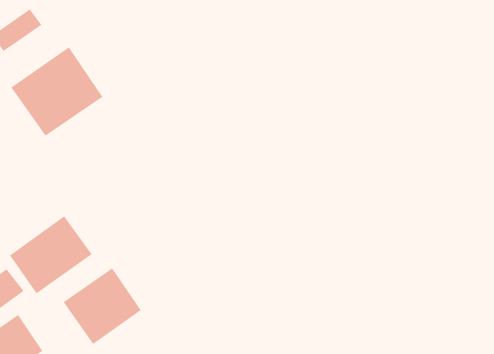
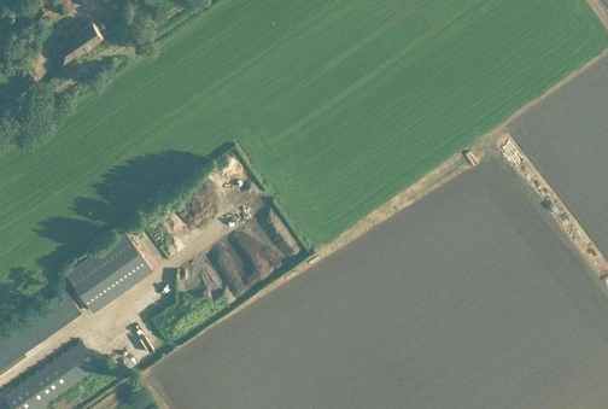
building: [11,47,103,136] -> none
building: [63,267,141,345] -> none

